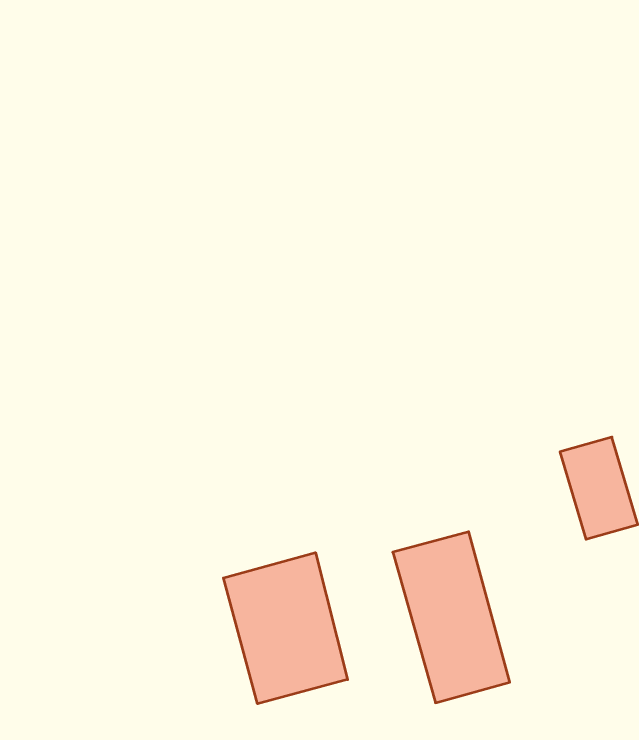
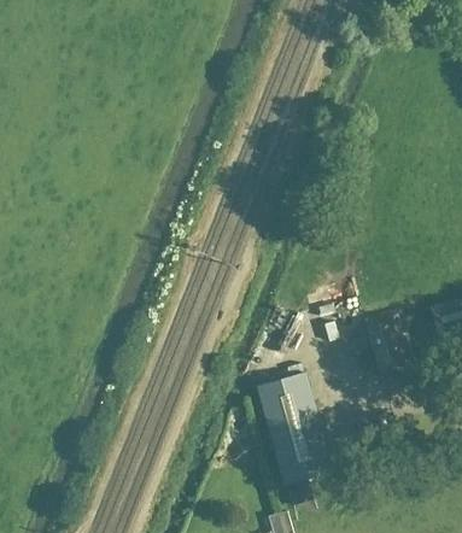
building: [223,553,348,704] -> none

